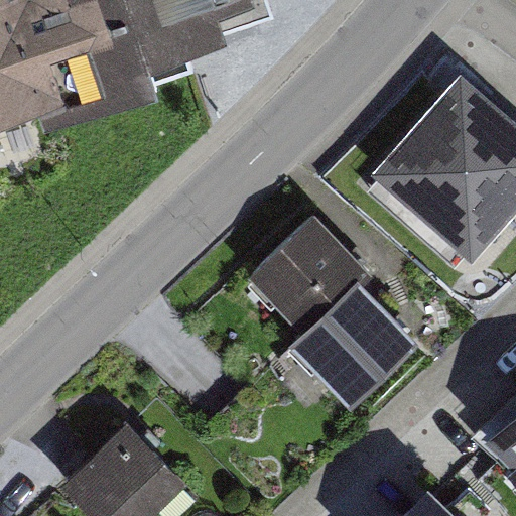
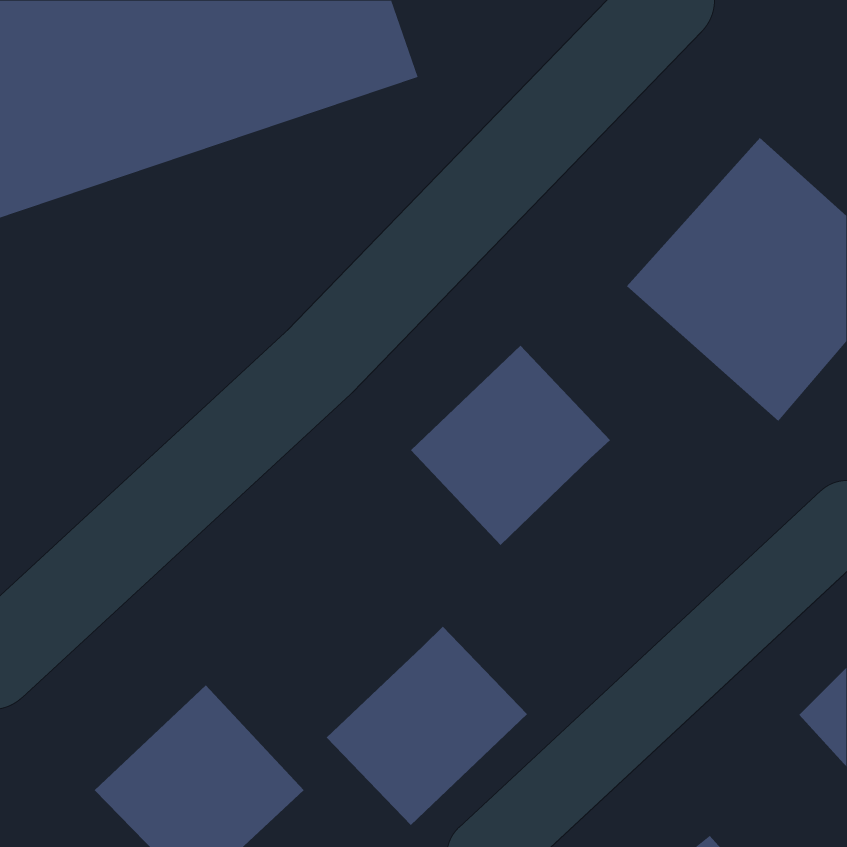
building: [290,281,414,405] -> none
building: none -> [326,626,528,826]

